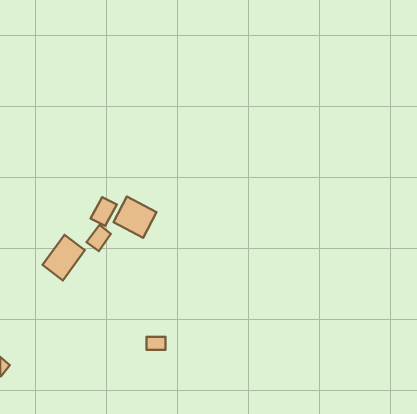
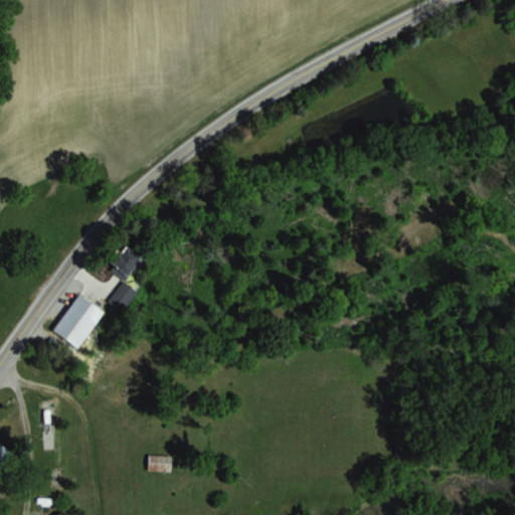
building: [114,196,156,238] -> none
building: [147,337,165,350] -> [148,456,171,472]

